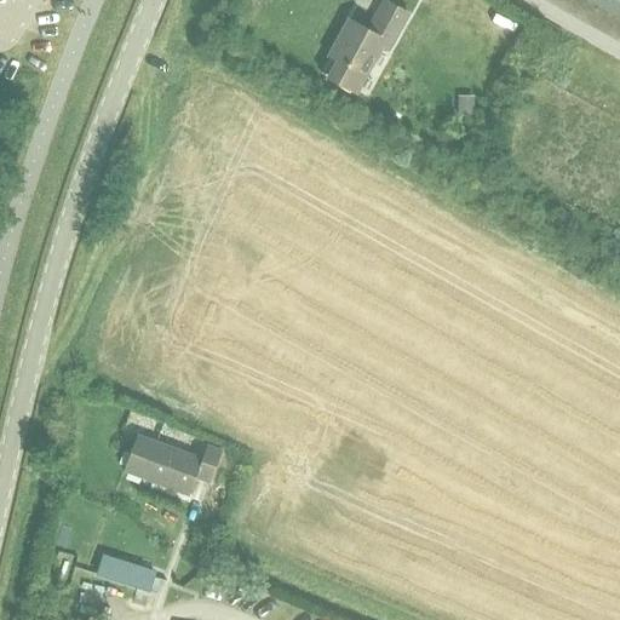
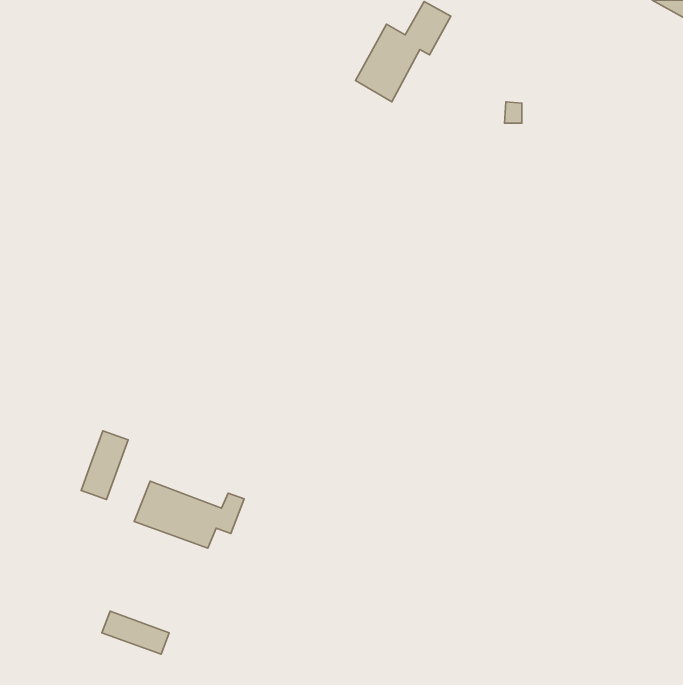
building: none -> [81,431,128,499]

